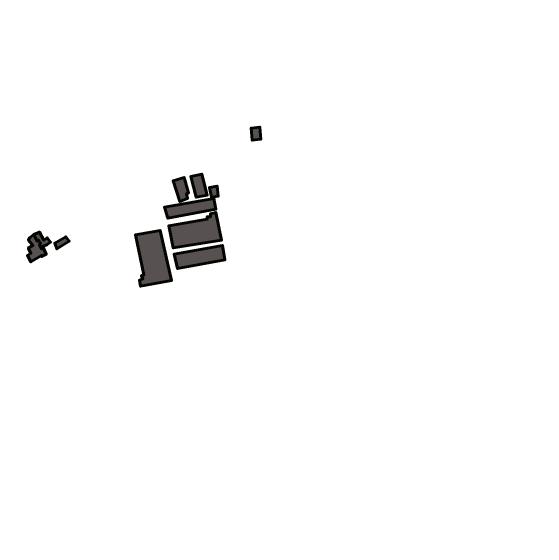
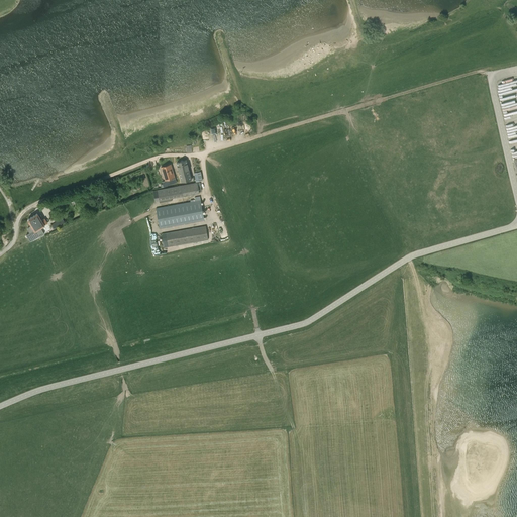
building: [135,230,171,286] -> none

